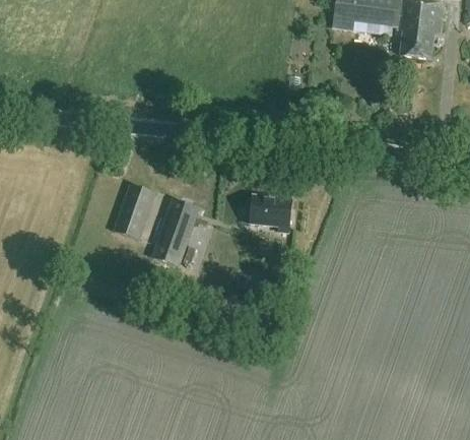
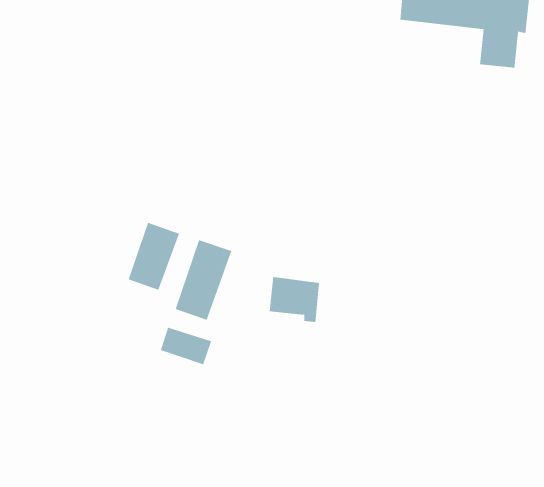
building: [250,195,291,233] -> [269,277,320,323]
building: none -> [160,327,212,365]

